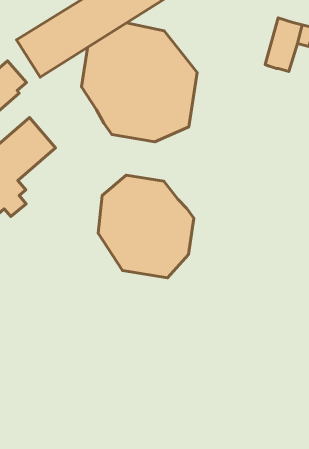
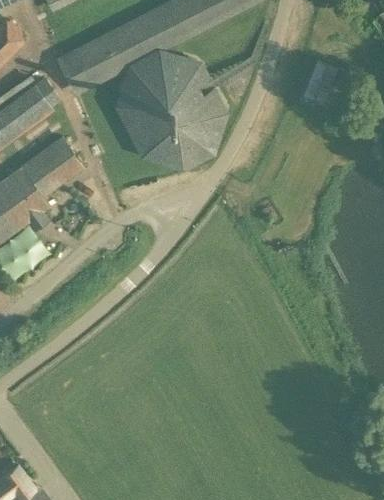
building: [98,175,194,278] -> none

